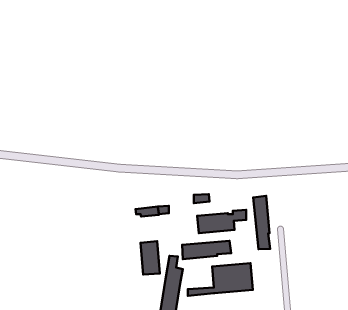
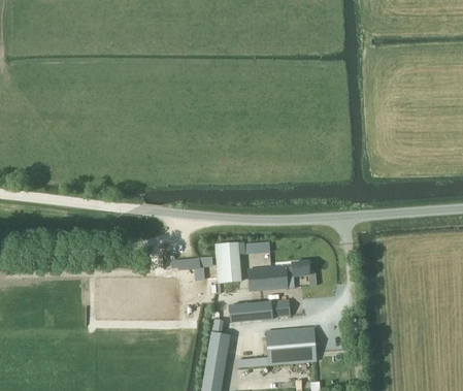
building: [253,196,270,249] -> none
building: [141,241,160,274] -> [216,241,239,283]

